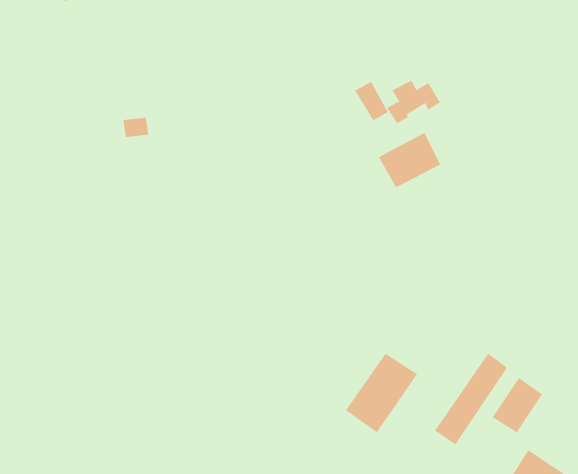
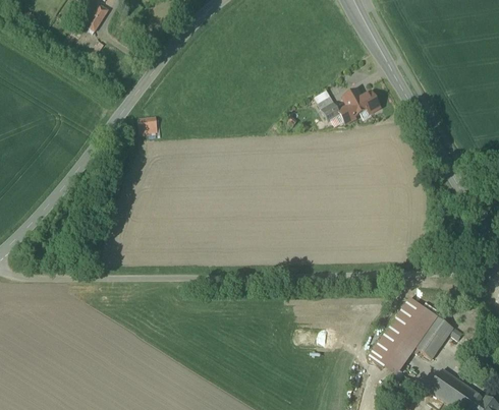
building: [378,132,441,188] -> none
building: [345,353,418,433] -> none

